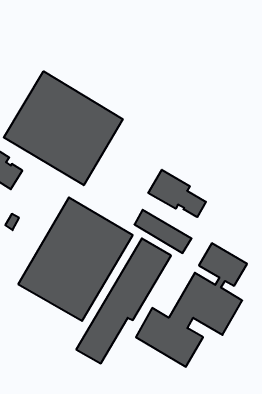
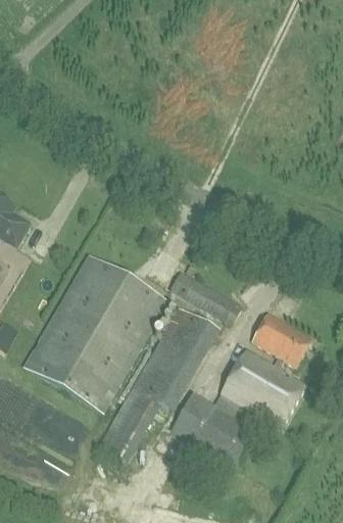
building: [4,71,123,185] -> none
building: [148,170,206,217] -> none

